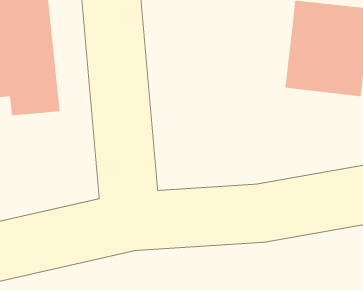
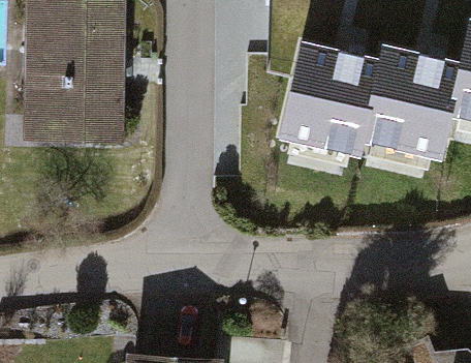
building: none -> [282,42,380,153]

